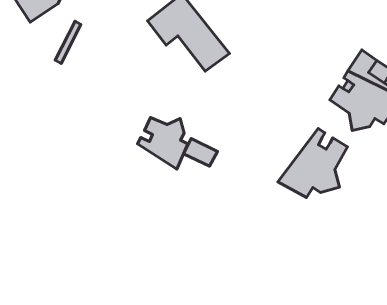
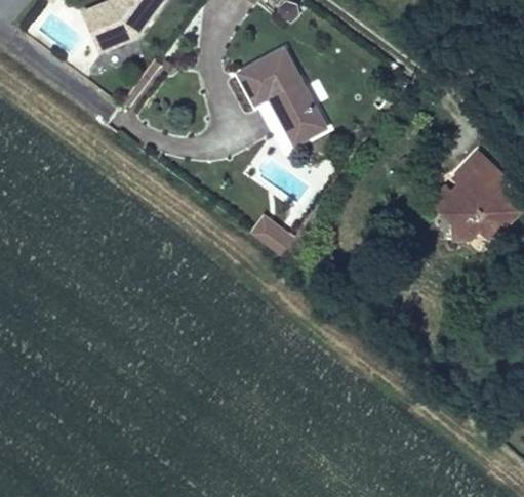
building: [138,118,188,169] -> none
building: [278,128,347,197] -> none

